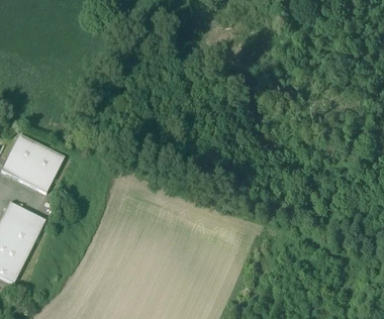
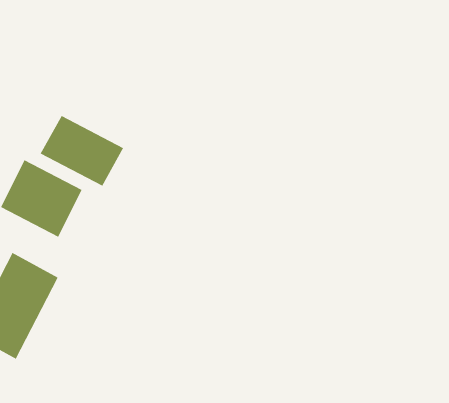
building: none -> [40,115,124,187]

